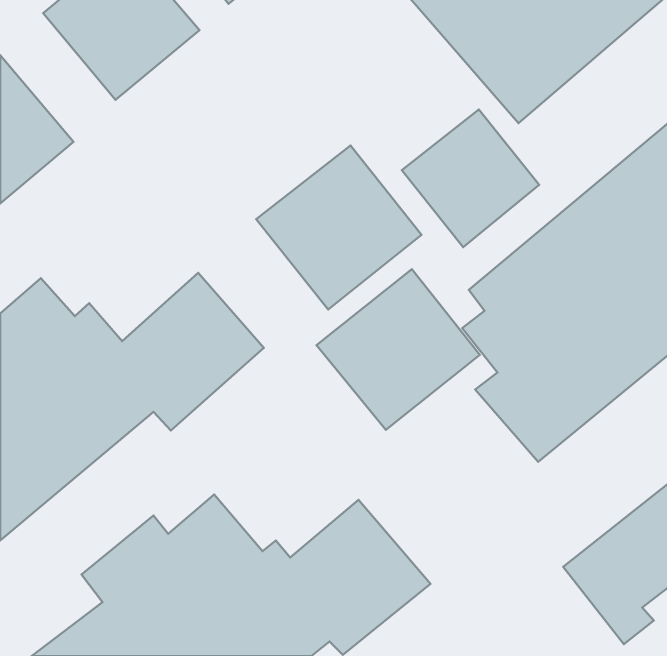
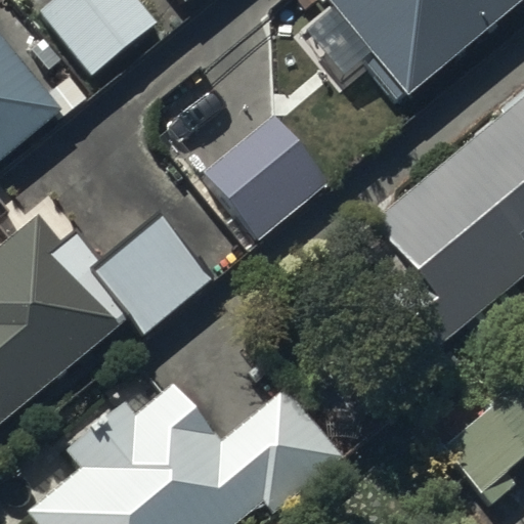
building: [402,109,539,247] -> none
building: [316,269,480,430] -> none

